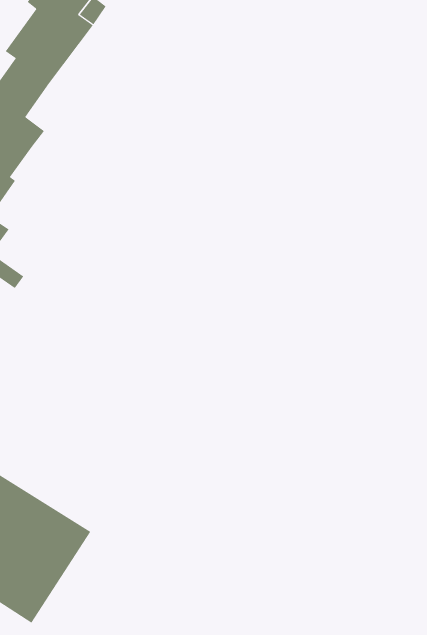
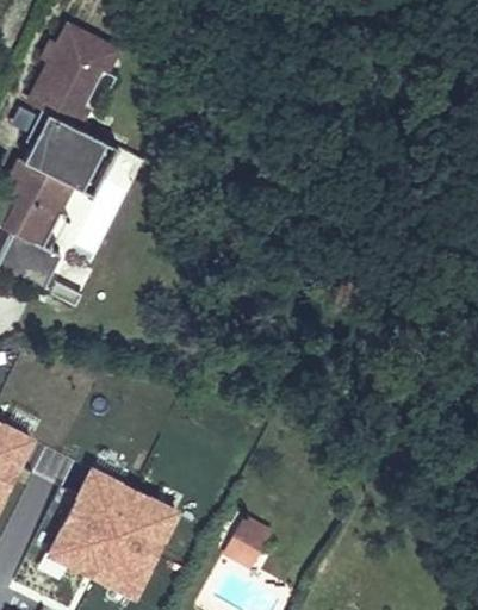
building: none -> [61,129,118,198]
building: none -> [218,513,272,572]

